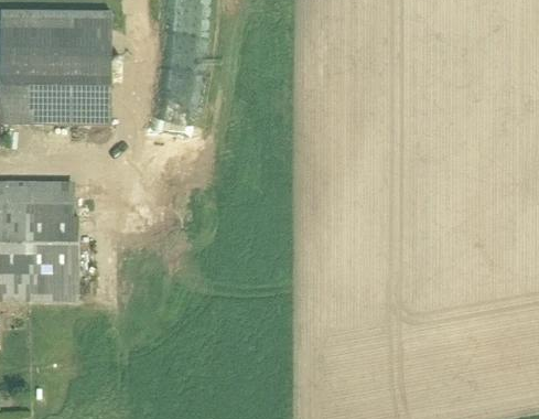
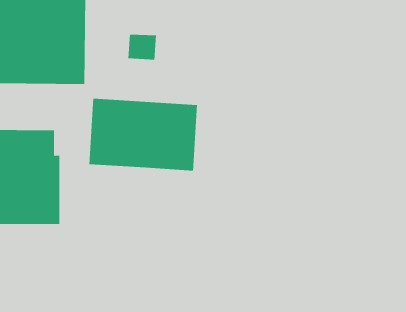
building: none -> [89,98,198,171]

